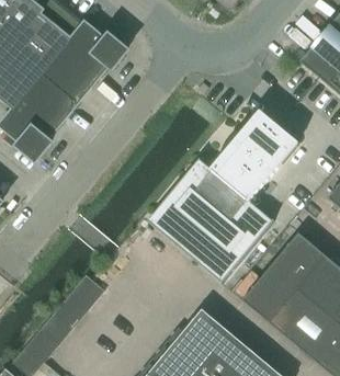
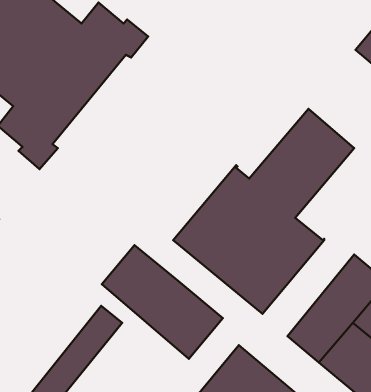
building: none -> [102,245,223,359]

